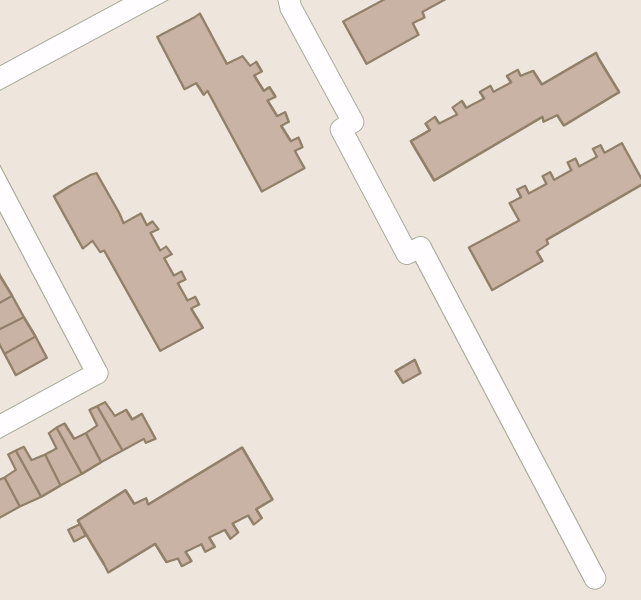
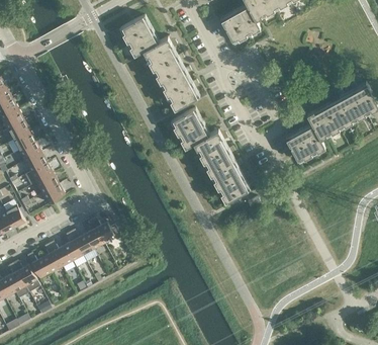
building: [411,53,619,180] -> none
building: [54,173,203,351] -> [173,109,251,202]
building: [78,448,273,572] -> none

